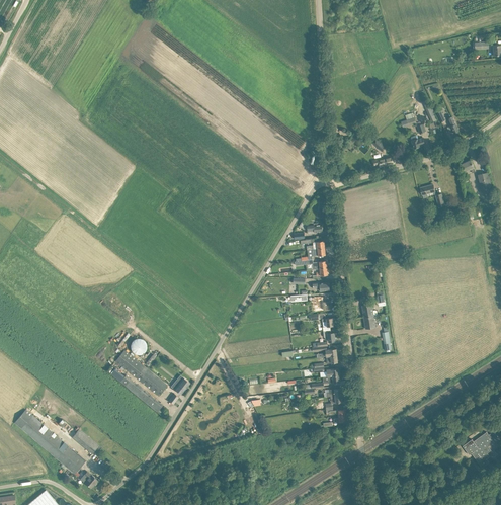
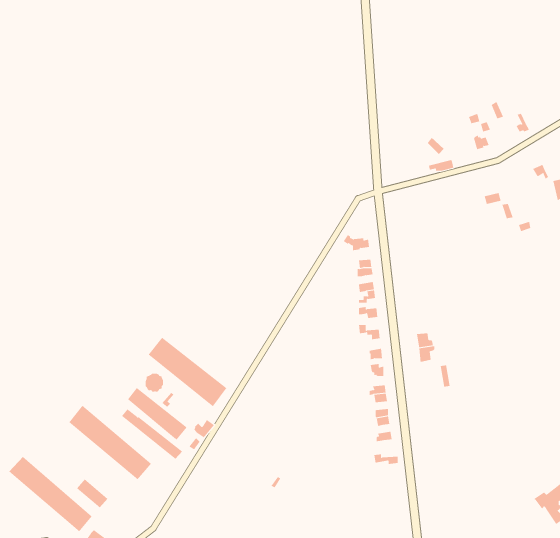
building: none -> [148,337,227,407]
building: none -> [69,405,152,480]

